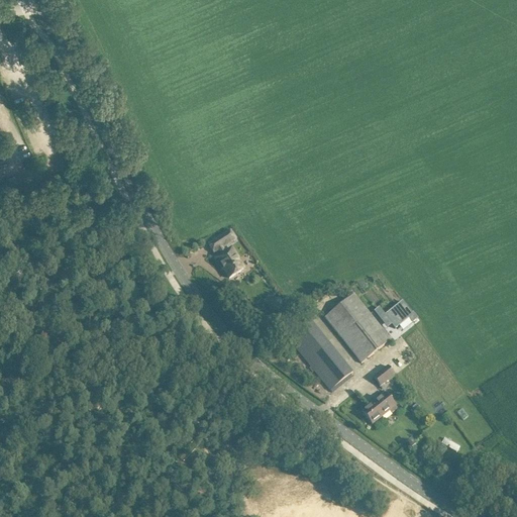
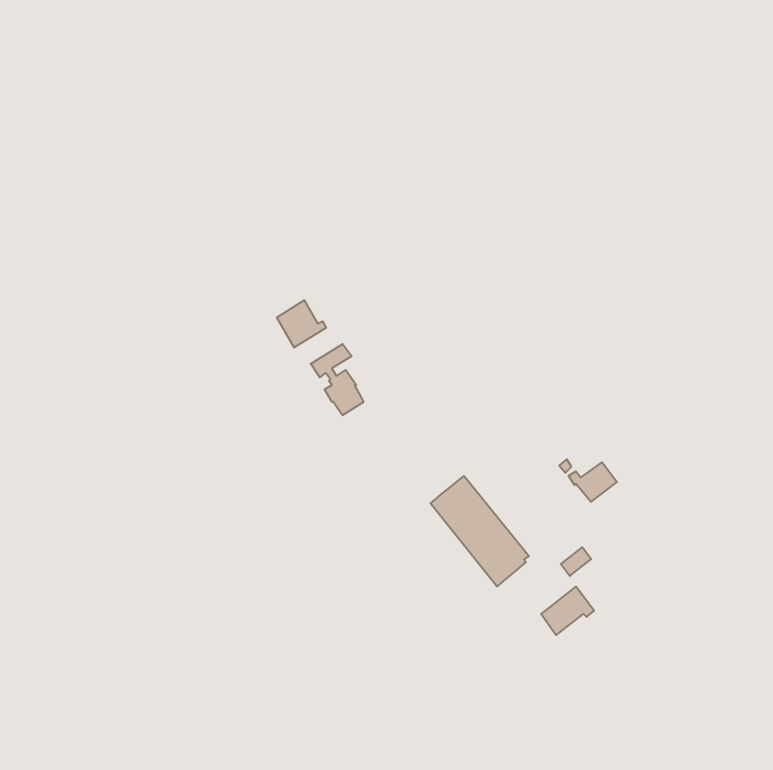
building: none -> [277,300,326,348]
building: [323,293,390,361] -> none

